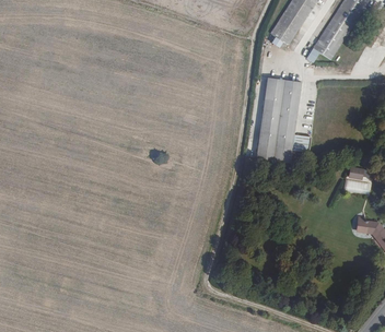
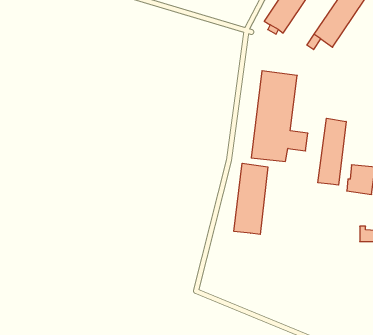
building: none -> [318,118,346,185]
building: none -> [234,163,268,234]

